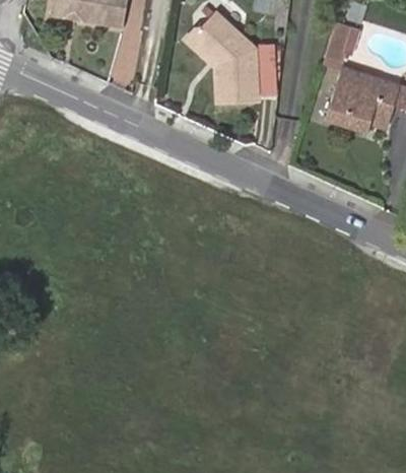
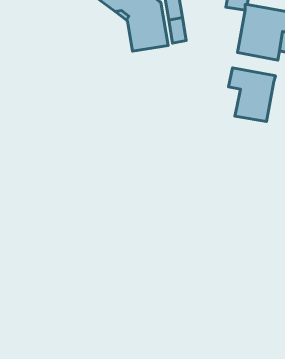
building: none -> [228,68,276,122]

